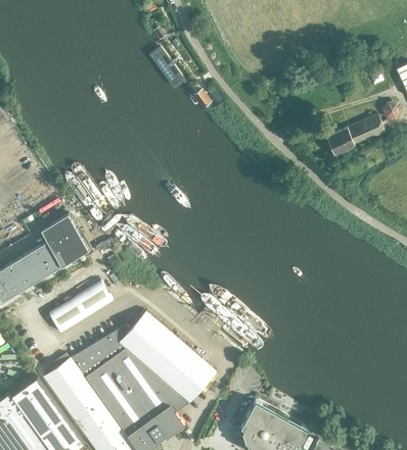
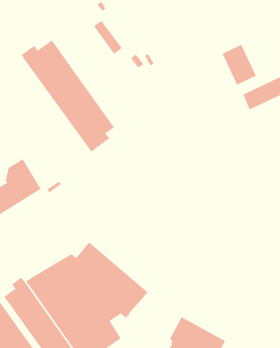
building: none -> [21,39,115,152]
building: none -> [222,44,257,86]
building: [49,282,114,333] -> none

